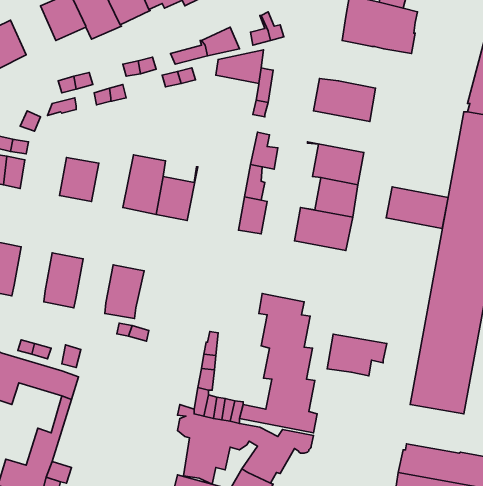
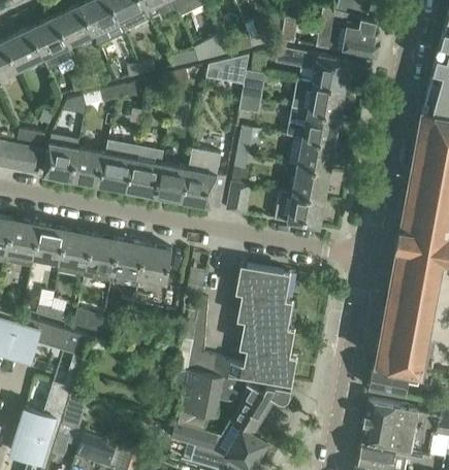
building: none -> [29,16,73,69]
building: none -> [276,47,350,88]
building: none -> [43,132,79,180]
building: none -> [99,140,135,191]
building: none -> [182,147,226,208]
building: [386,187,448,229] -> [286,107,340,143]
building: none -> [32,225,65,263]
building: none -> [84,235,118,282]
building: none -> [137,245,171,282]
building: [327,334,387,376] -> [370,361,421,397]

